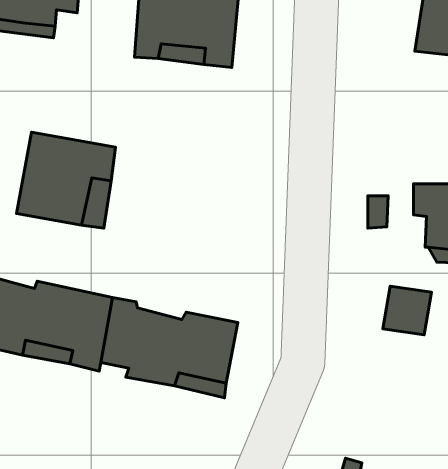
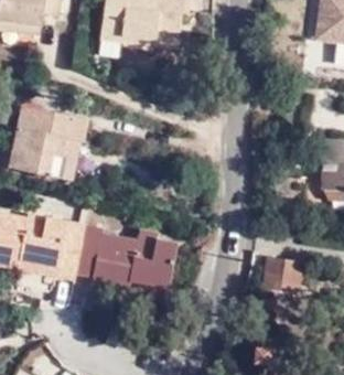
building: [383,286,431,335] -> [264,255,300,291]

